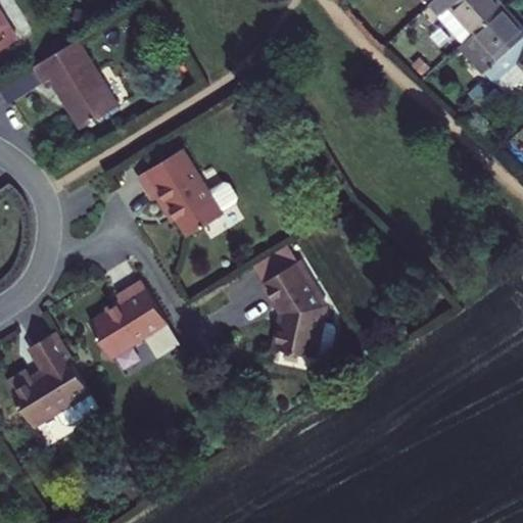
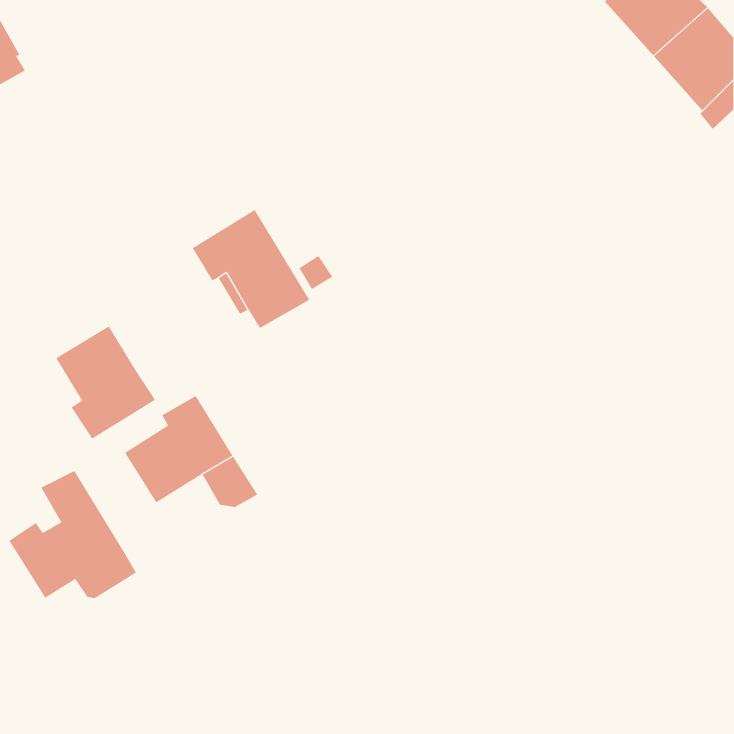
building: [32,39,116,128] -> none
building: none -> [55,325,156,439]
building: [262,259,333,356] -> none

